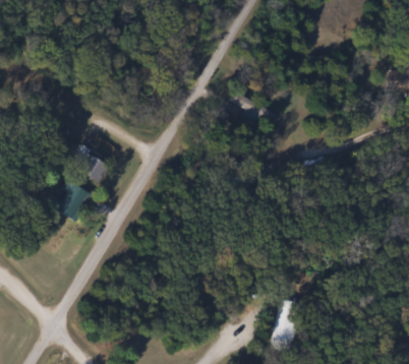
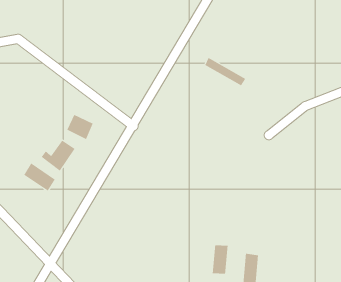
building: none -> [24,163,56,192]
building: none -> [212,244,228,274]

